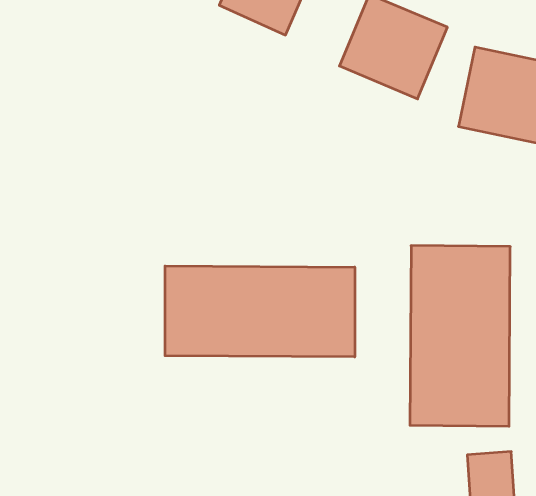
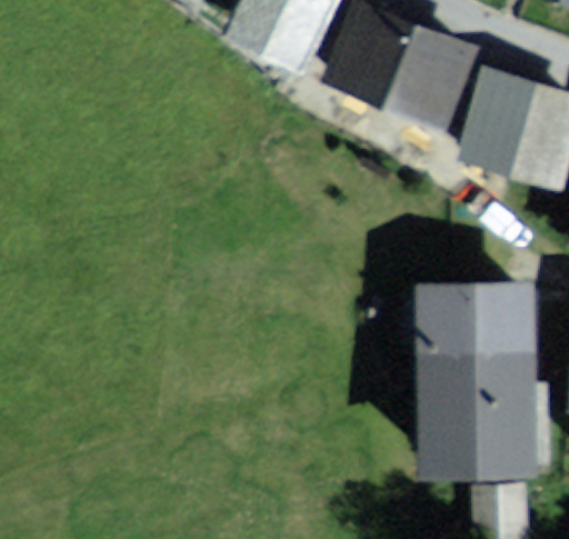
building: [165,266,355,357] -> none

